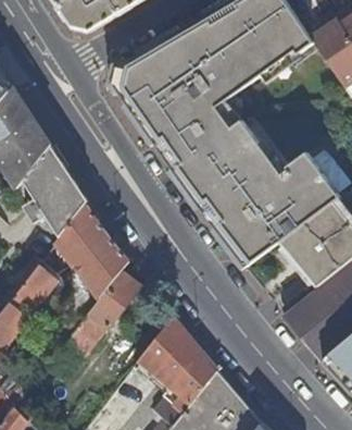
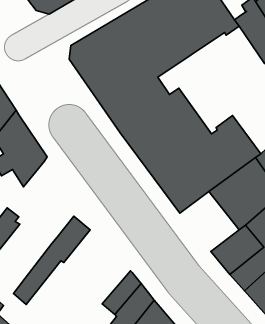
building: [56,206,128,296] -> none
building: [137,316,188,376] -> none

